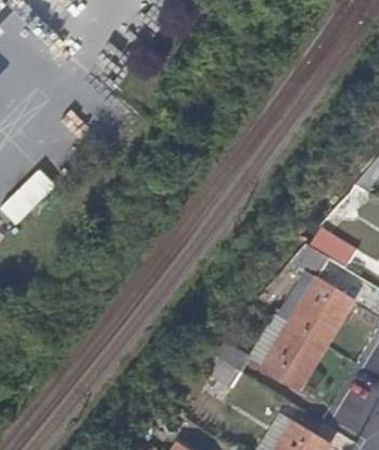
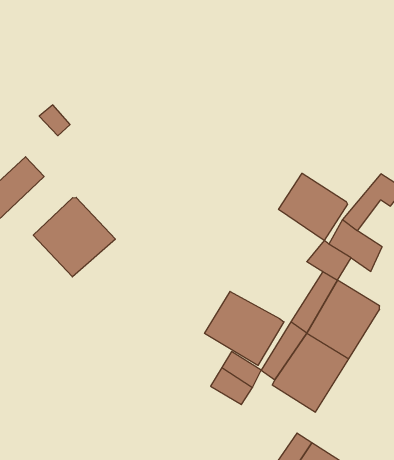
building: none -> [279,173,348,241]
building: none -> [33,197,115,277]
building: none -> [205,291,284,365]

